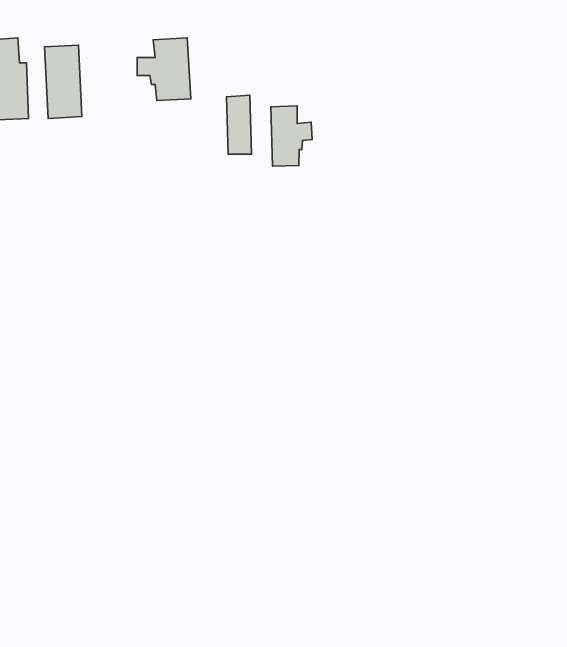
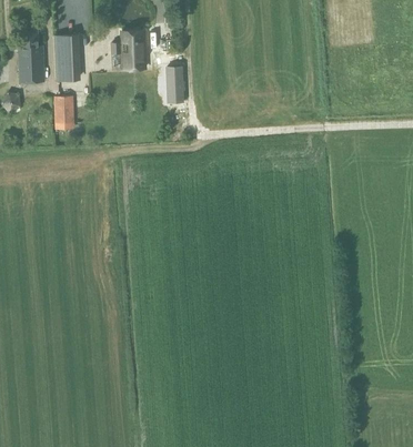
building: [271,106,312,166] -> none
building: none -> [56,99,75,126]

